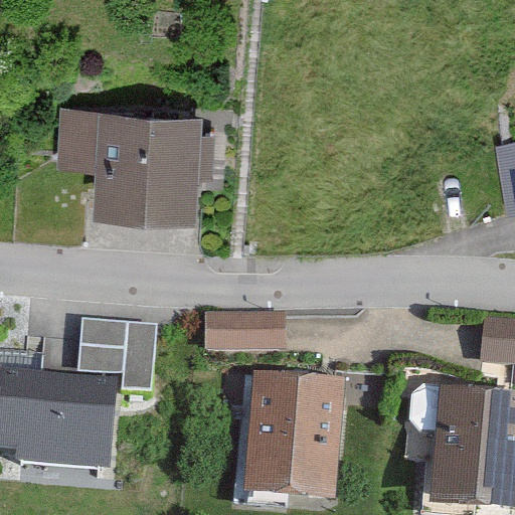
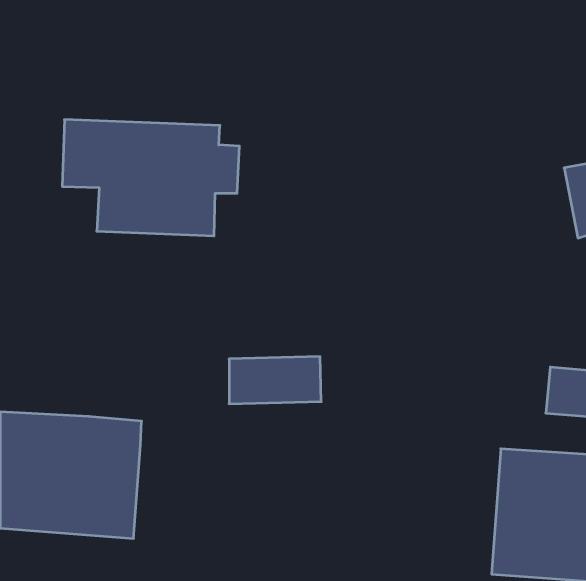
building: [79,314,160,391] -> none
building: [241,375,340,501] -> none

